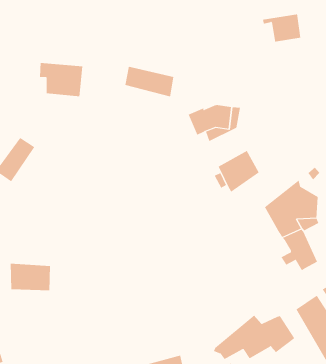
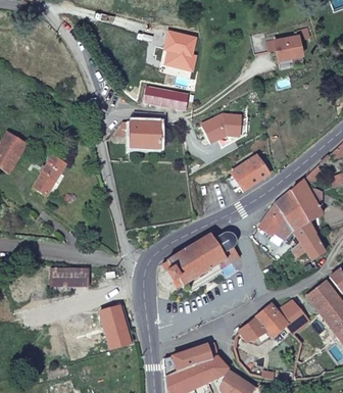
building: none -> [163,30,194,68]
building: [39,62,83,97] -> [120,121,159,150]
building: none -> [258,204,294,241]
building: none -> [161,231,237,284]
building: none -> [98,305,131,350]

